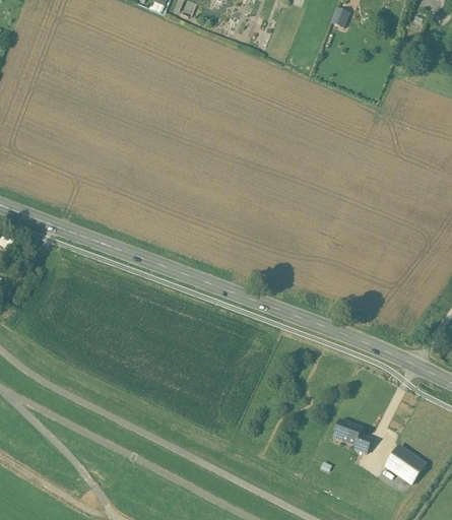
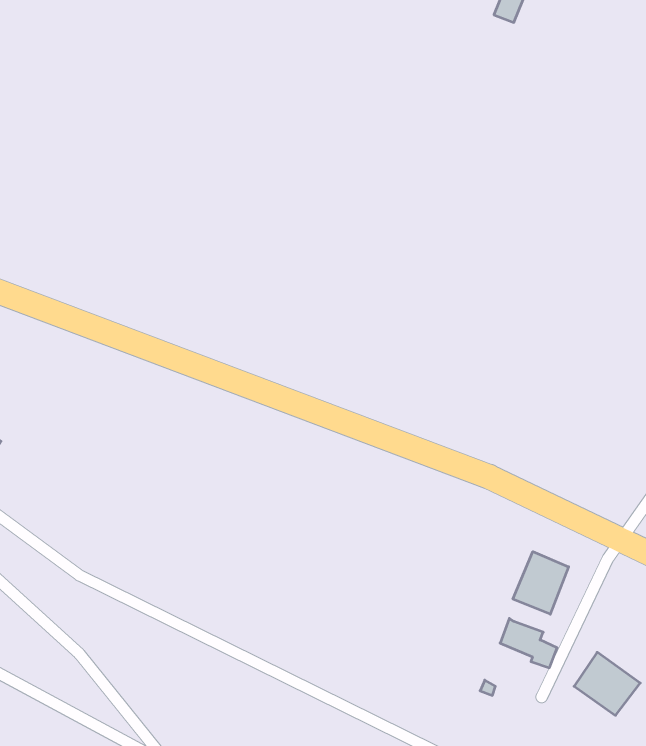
building: none -> [513,552,569,614]

